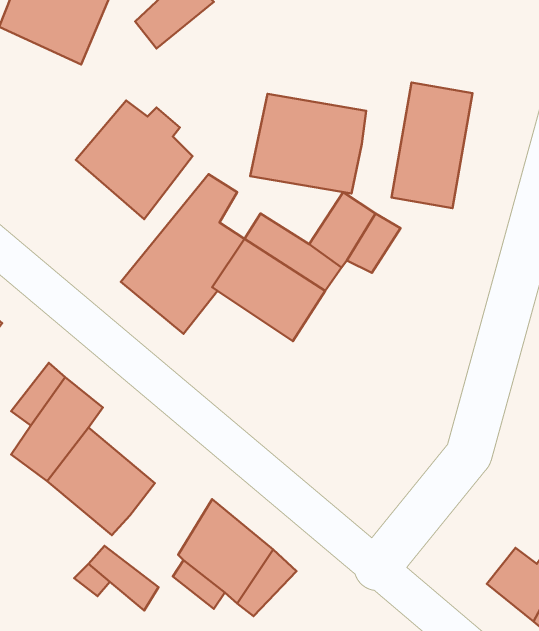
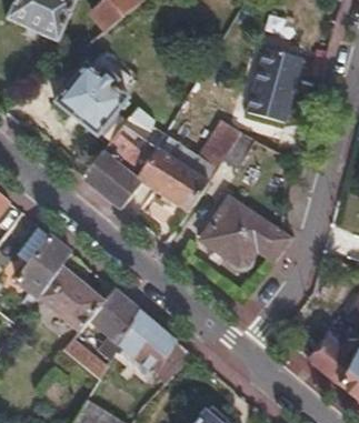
building: [250,94,366,194] -> none
building: none -> [201,197,295,270]
building: none -> [89,289,140,360]

